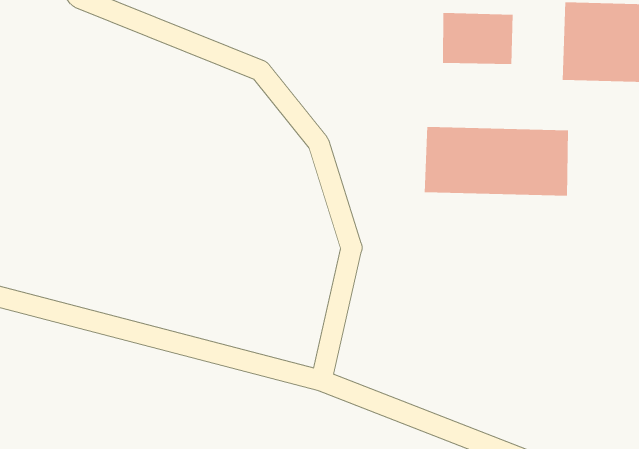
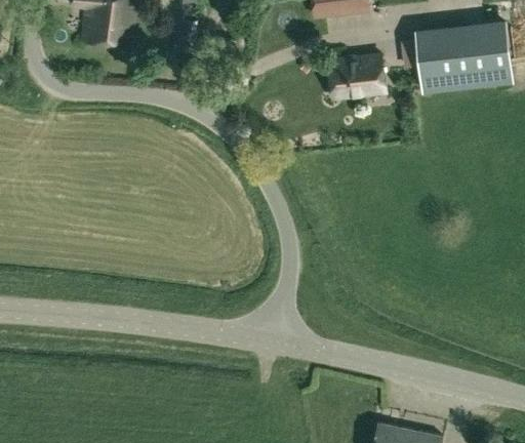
building: [424,126,568,196] -> none

